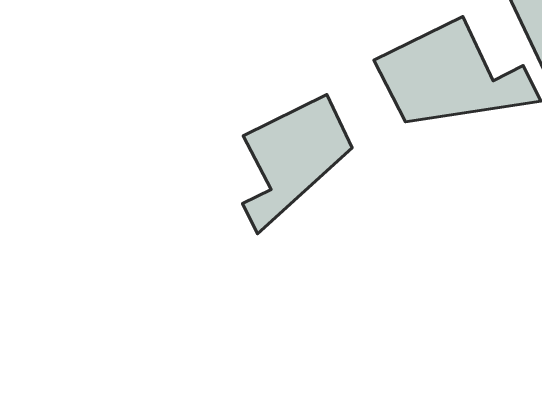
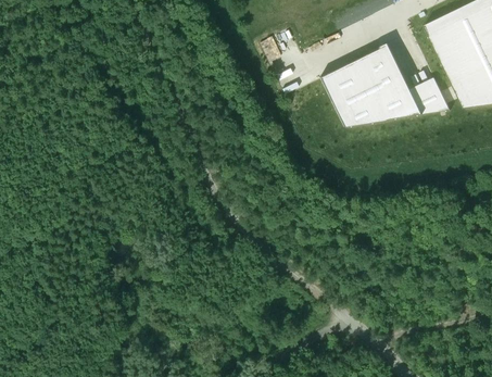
building: [243,95,352,234] -> none

